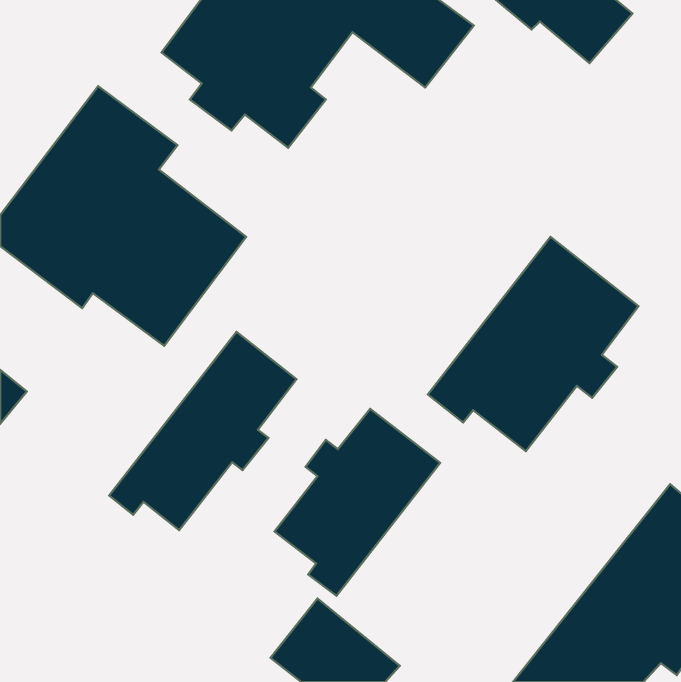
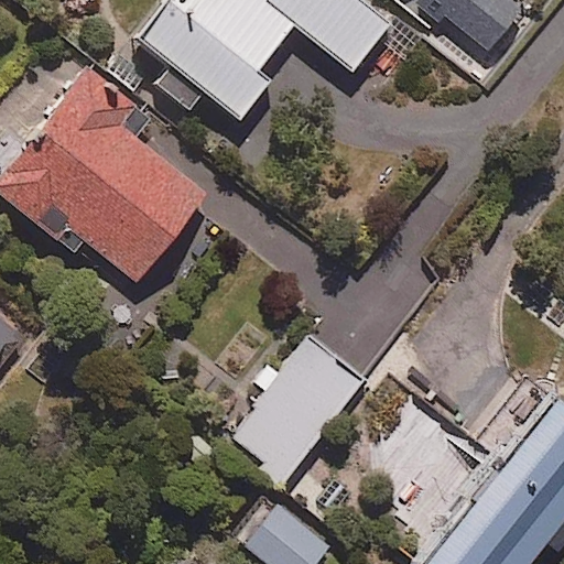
building: [428,237,639,451] -> none
building: [109,332,296,530] -> none

